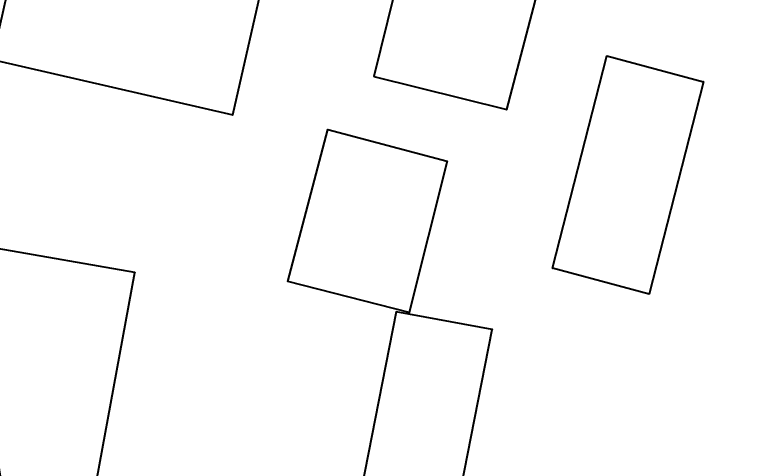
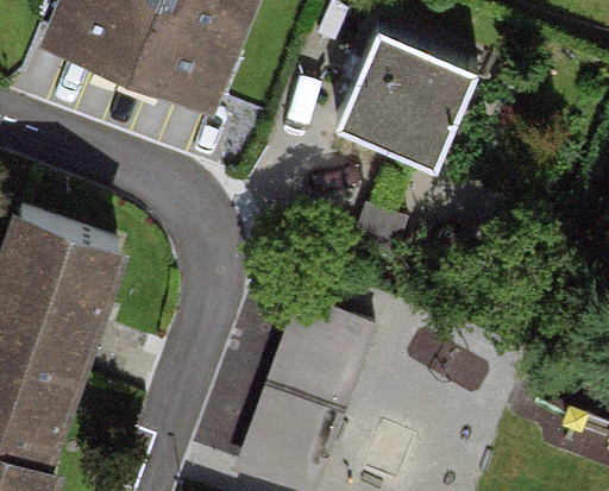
building: [553,56,703,294] -> none
building: [288,130,447,313] -> none

